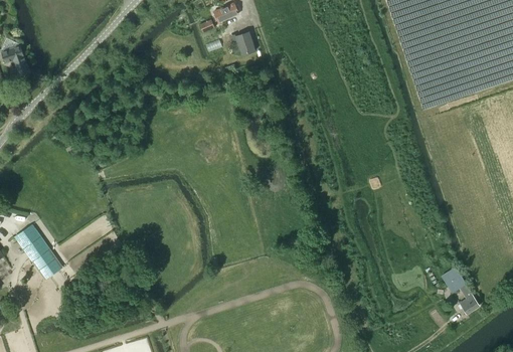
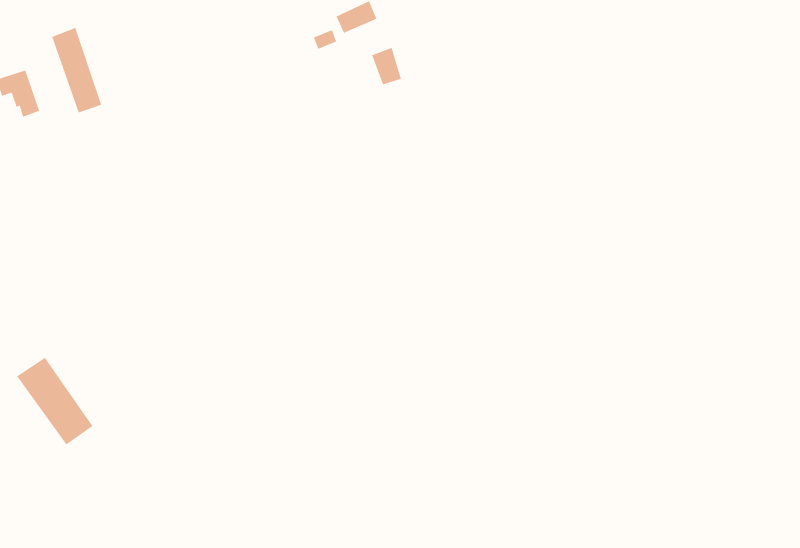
building: none -> [51,27,102,114]
building: [442,266,480,313] -> none

